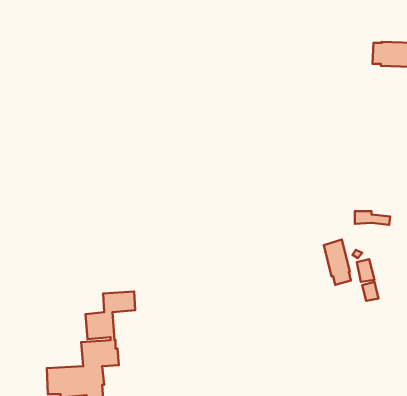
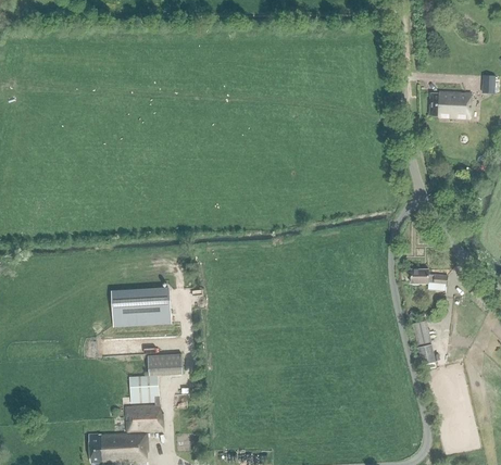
building: none -> [111,286,172,325]
building: [324,239,351,285] -> none

